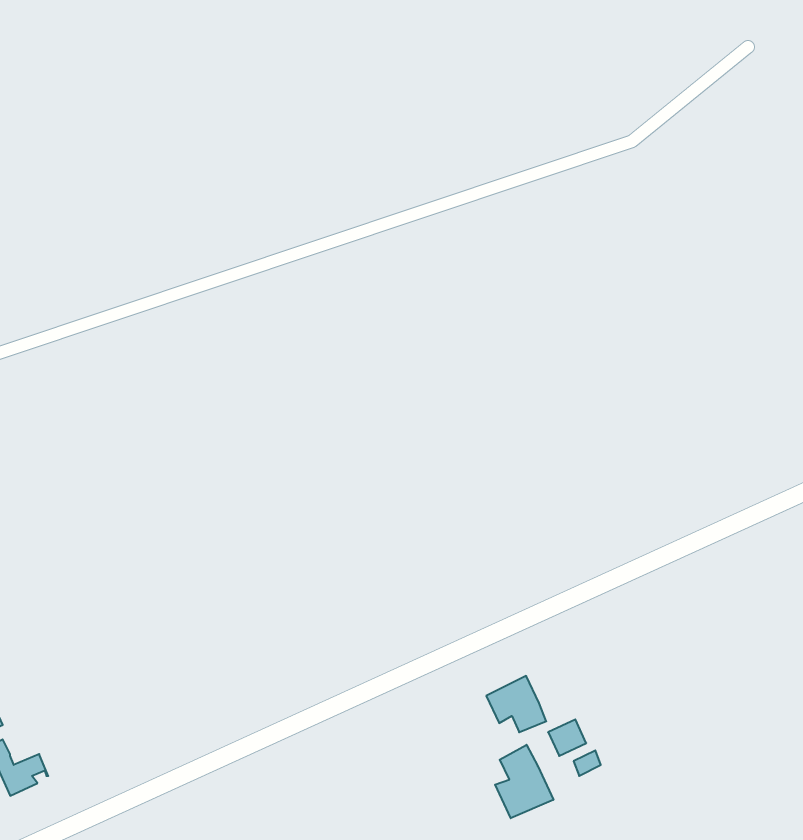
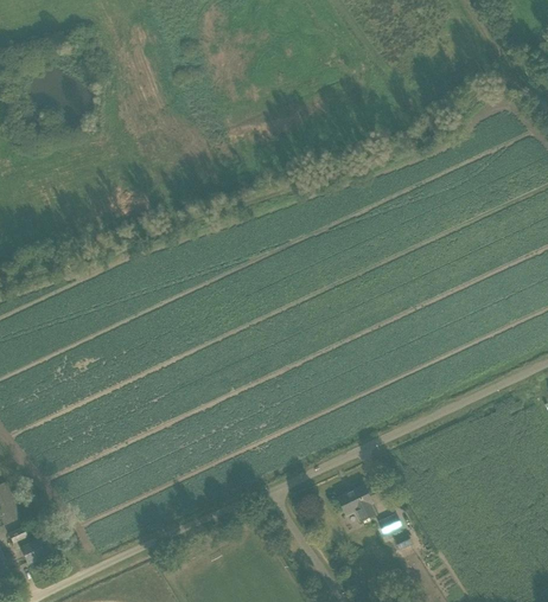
building: [495,745,553,818] -> none

